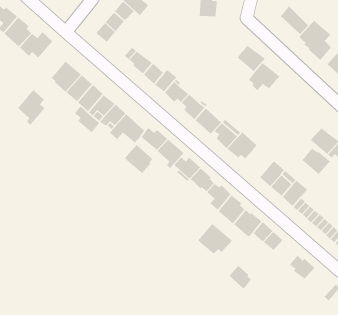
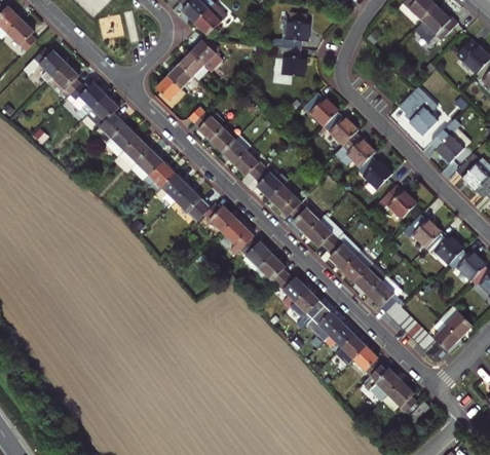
building: [280,5,309,35] -> none
building: none -> [300,92,338,126]
building: none -> [356,155,390,189]
building: [17,89,45,126] -> [85,96,119,139]
building: [74,105,100,134] -> none
building: [124,144,153,174] -> none
building: [301,148,331,175] -> [380,185,415,218]
building: none -> [327,237,355,270]
building: [197,223,233,254] -> none
building: [229,265,252,290] -> [354,346,382,376]
building: none -> [385,381,418,414]

